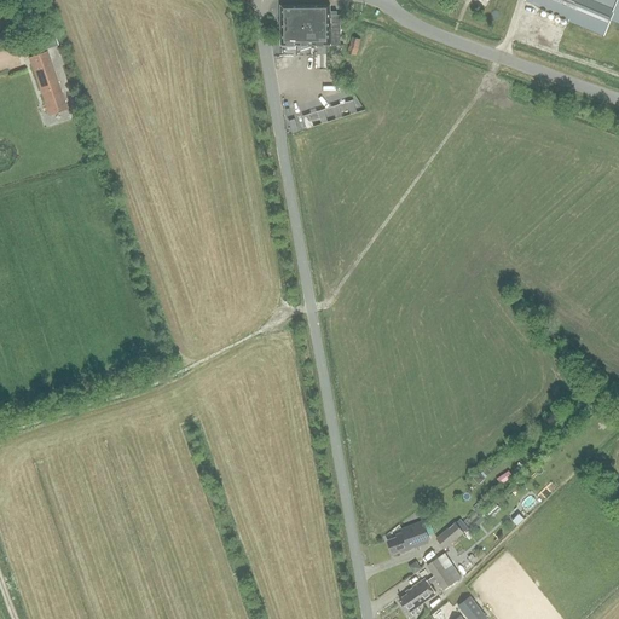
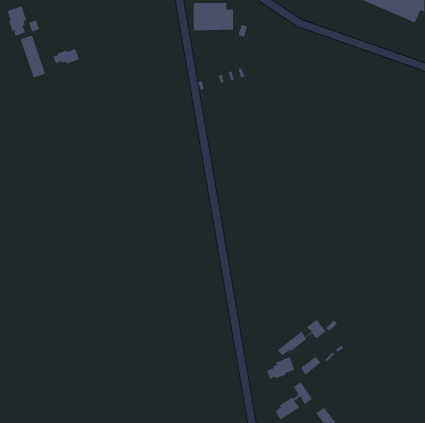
building: none -> [7,6,27,37]
building: none -> [52,48,80,64]
building: none -> [277,319,326,356]

